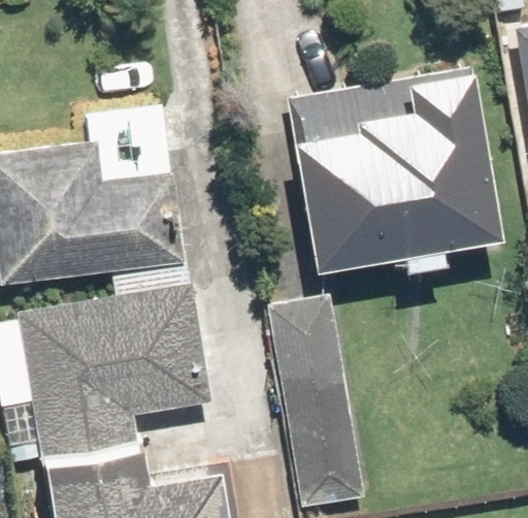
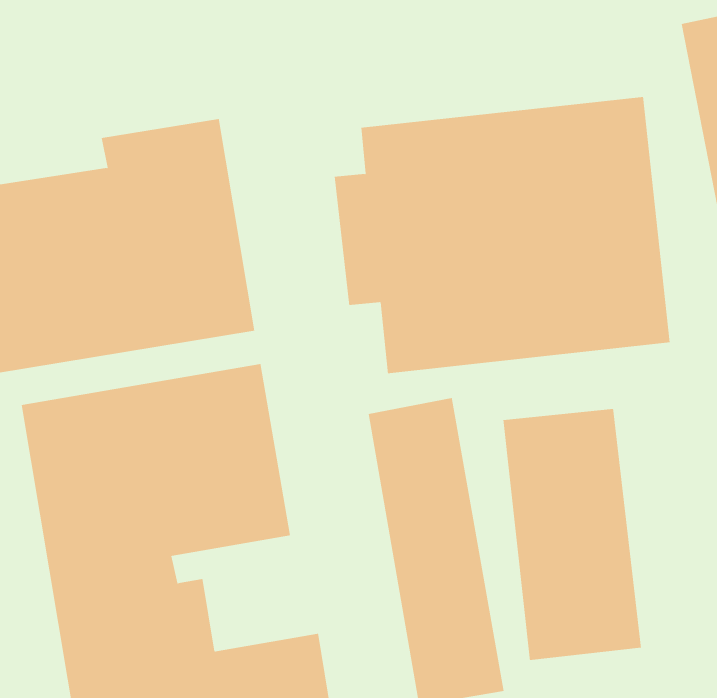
building: none -> [503,408,642,661]

